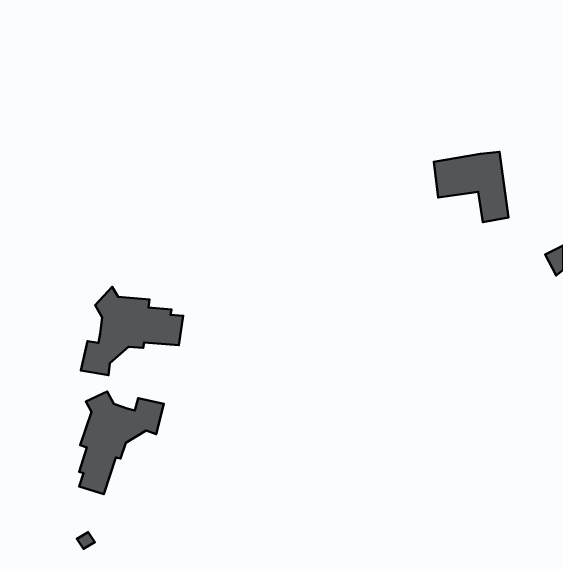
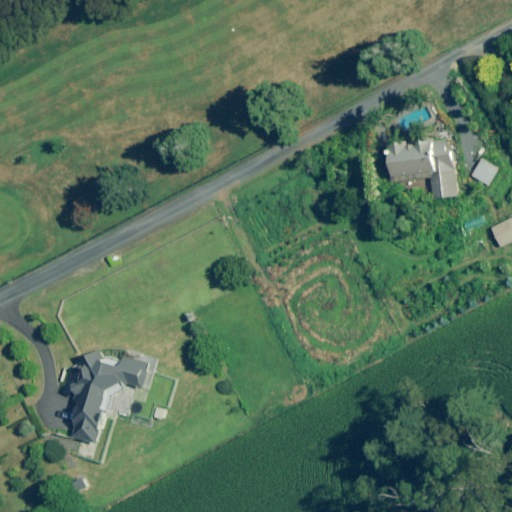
building: none -> [470,159,497,185]
building: [81,287,183,375] -> none

